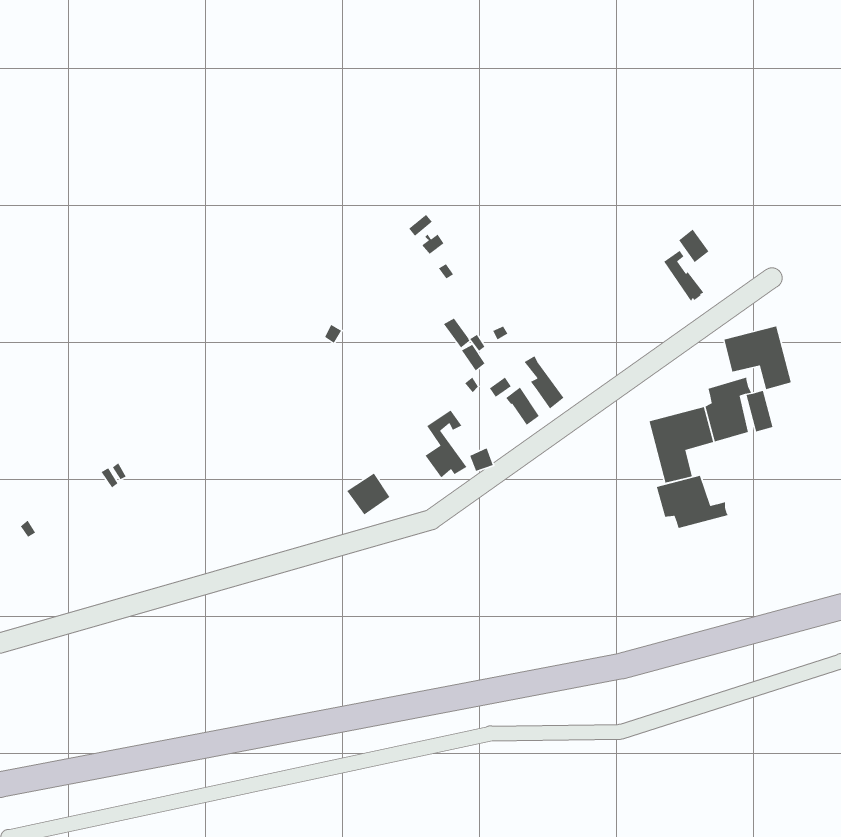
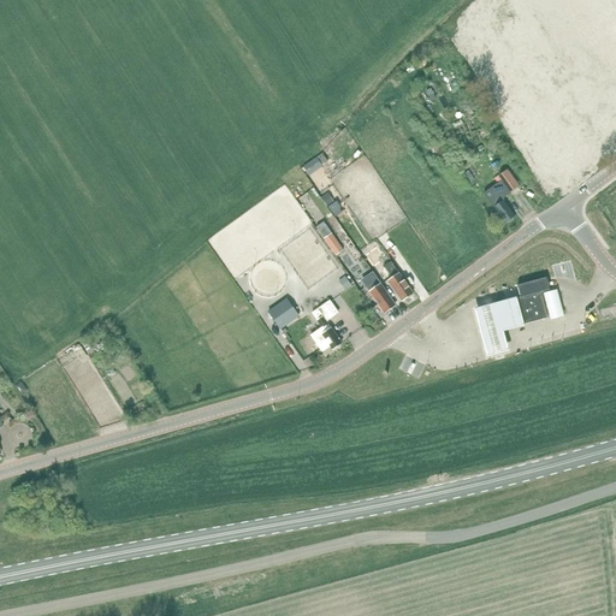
building: [724,325,792,390] -> none
building: [346,473,391,515] -> [267,298,300,330]
building: [656,475,729,529] -> none

